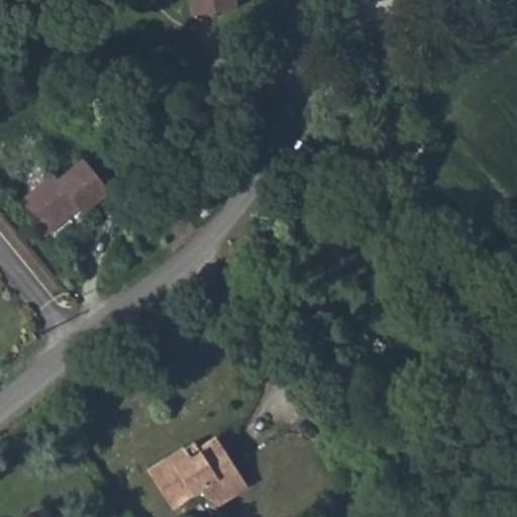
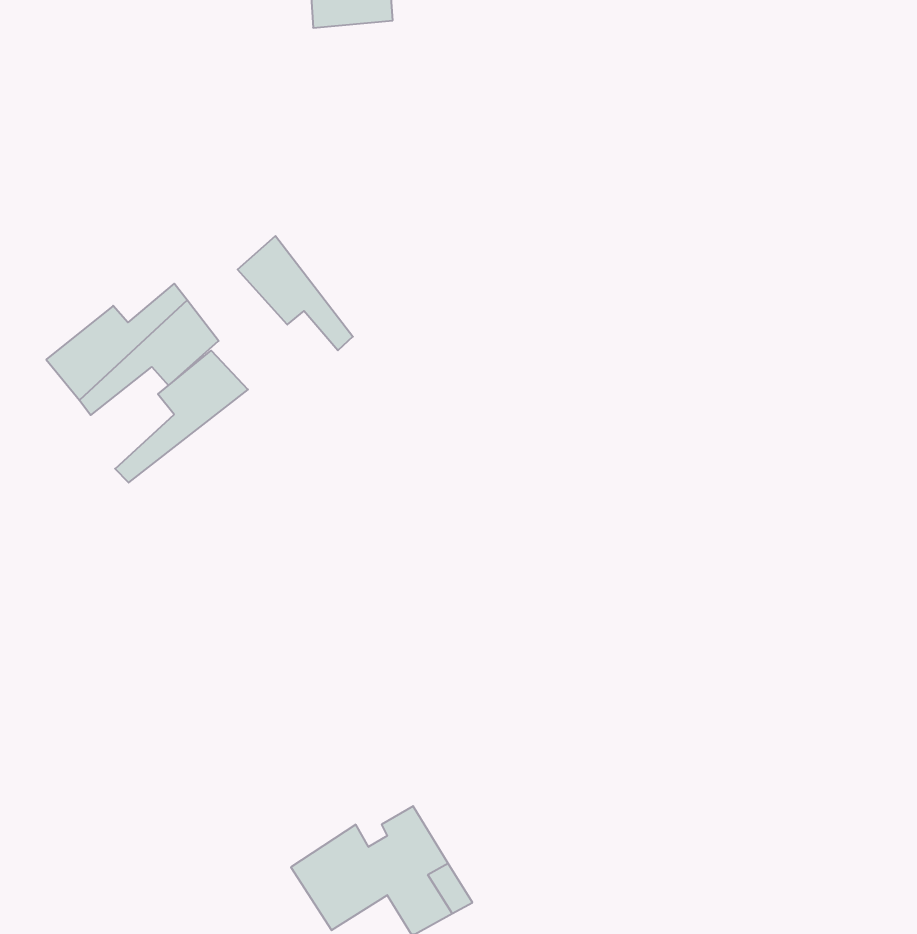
building: none -> [238,236,353,350]
building: none -> [115,351,248,483]

